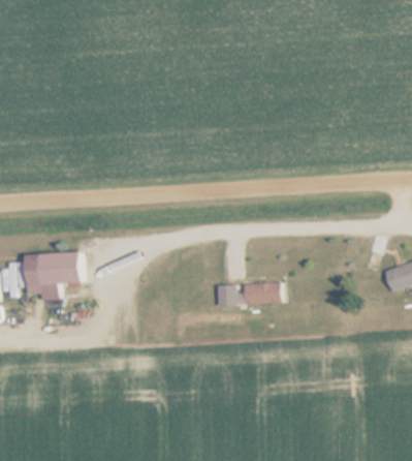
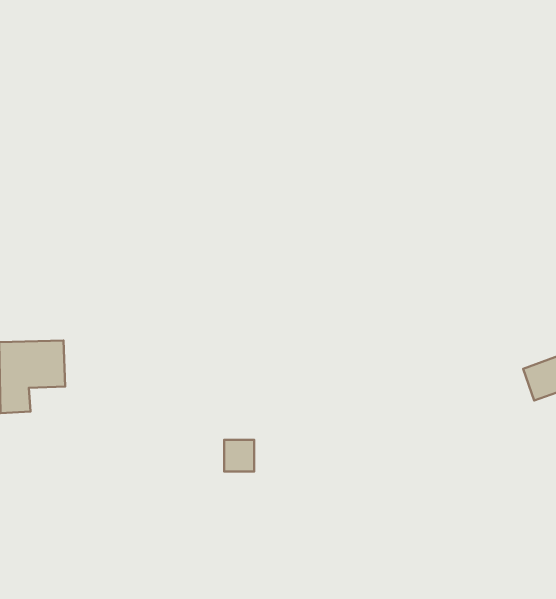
building: [244,283,281,305] -> none
building: [216,285,235,306] -> [224,440,254,471]

